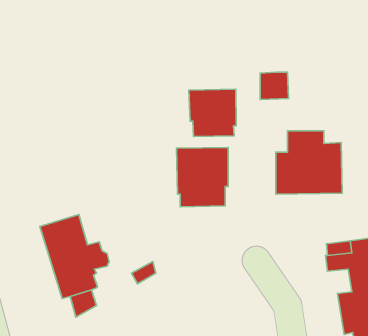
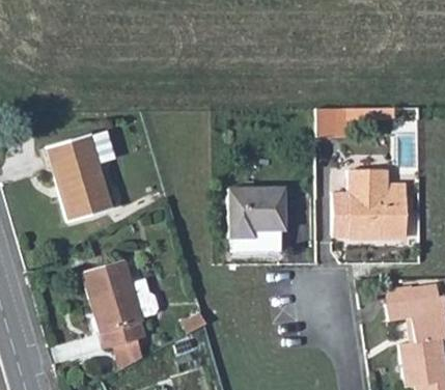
building: [189,89,236,137] -> none
building: none -> [49,135,114,222]

